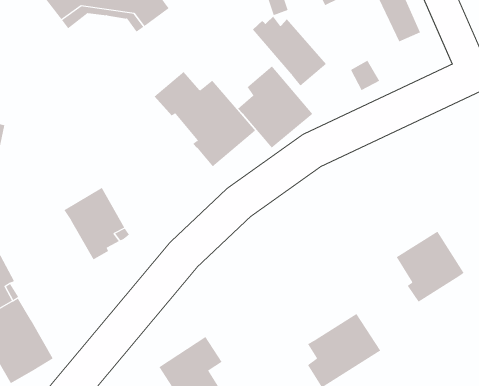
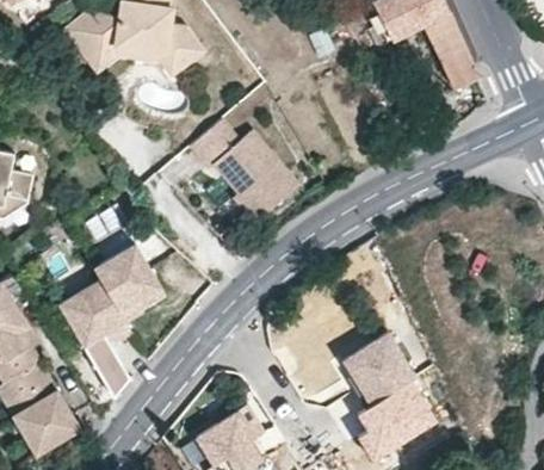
building: [252,16,327,86] -> none
building: [237,66,313,149] -> none
building: none -> [58,279,132,400]
building: [396,231,464,303] -> [341,330,415,408]

